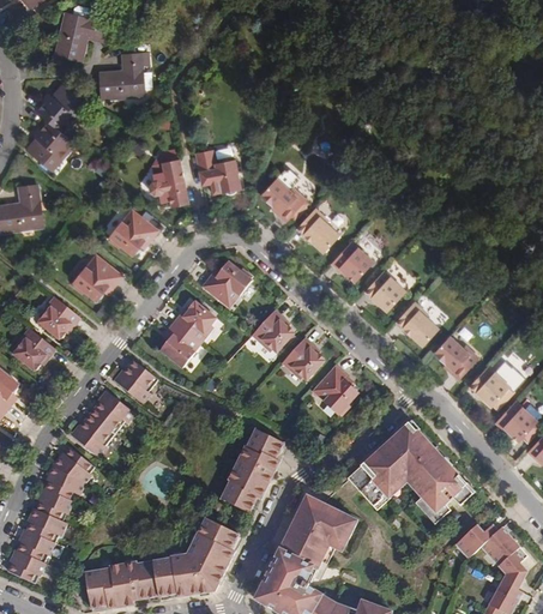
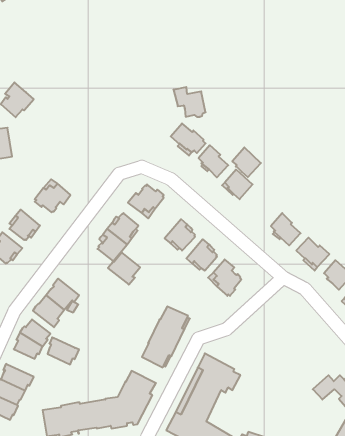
building: [54,13,105,62] -> none
building: [98,53,144,100] -> none
building: [34,85,83,134] -> none
building: [195,152,240,193] -> [173,87,206,117]
building: [149,158,188,206] -> none
building: [108,209,159,253] -> none
building: [366,270,405,311] -> [232,147,261,177]
building: [114,359,158,403] -> [108,252,140,285]
building: [348,425,471,516] -> none
building: [36,487,79,524] -> [48,337,79,364]

